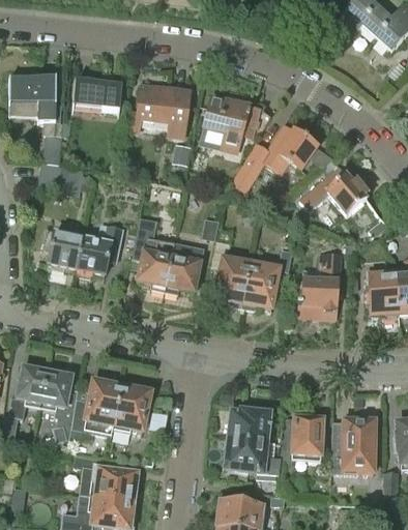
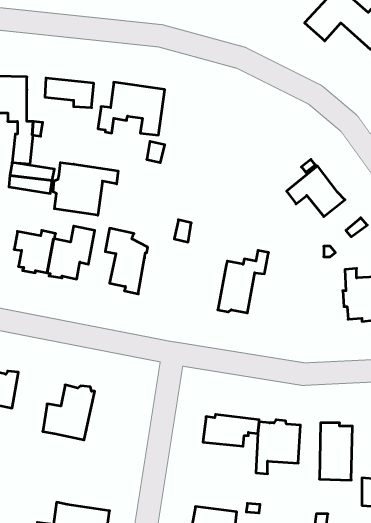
building: [208,94,272,147] -> none
building: [231,122,318,190] -> none
building: none -> [53,163,118,215]
building: [213,229,252,305] -> none
building: [166,242,204,292] -> none
building: [297,252,341,316] -> none
building: [42,366,77,443] -> none
building: [115,383,151,430] -> none
building: [225,435,271,473] -> none
building: [75,451,140,502] -> none

